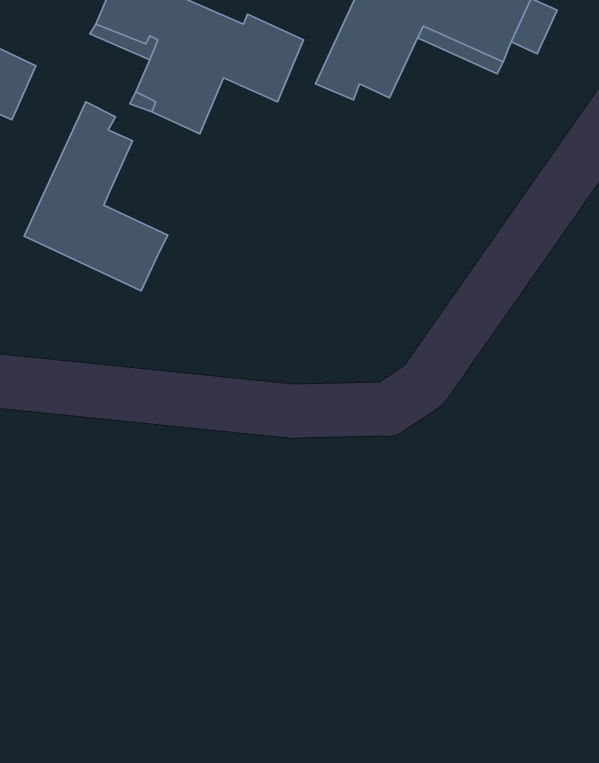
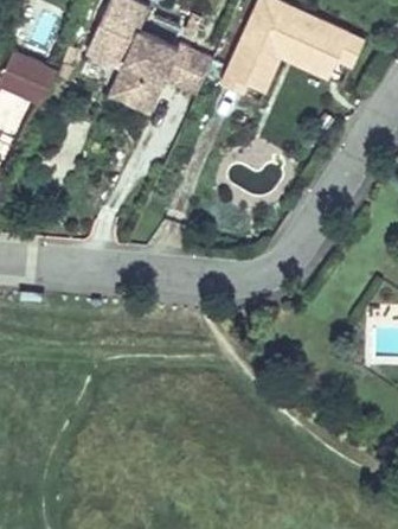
building: [24,102,168,291] -> none

